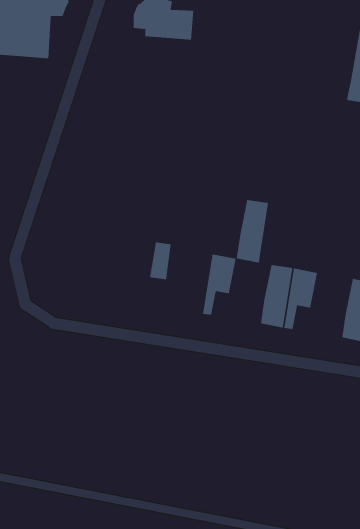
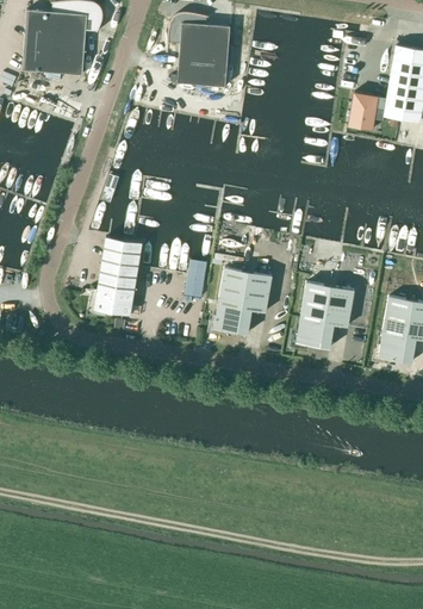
building: none -> [178,52,228,87]
building: none -> [349,93,387,130]
building: [236,199,269,263] -> [214,268,248,333]
building: none -> [85,237,144,323]

